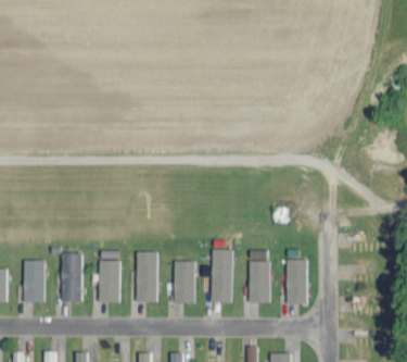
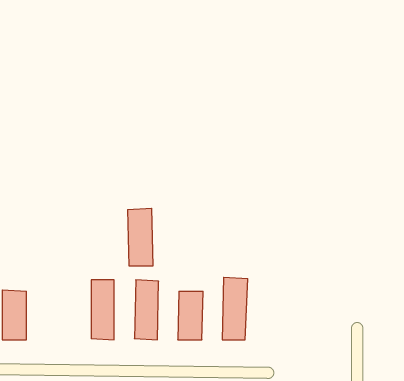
building: [61,252,82,301] -> [128,208,153,266]
building: [287,260,308,304] -> none
building: [250,261,270,303] -> none

